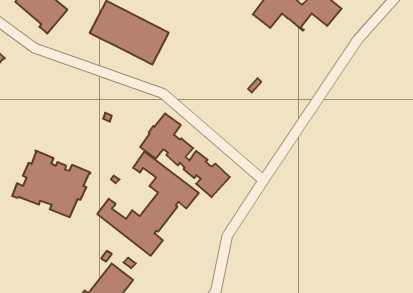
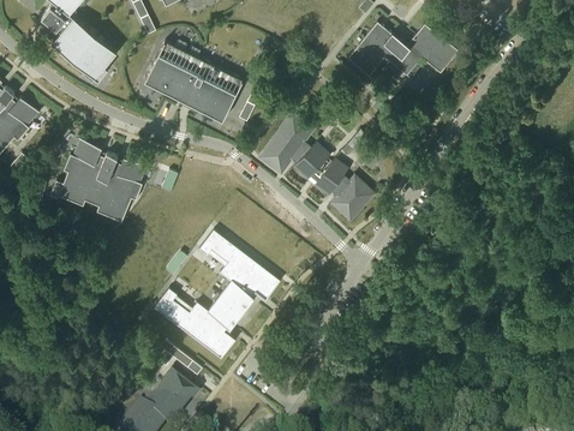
building: [140,113,230,197] -> [261,115,372,220]
building: [12,150,90,217] -> [49,139,147,222]

